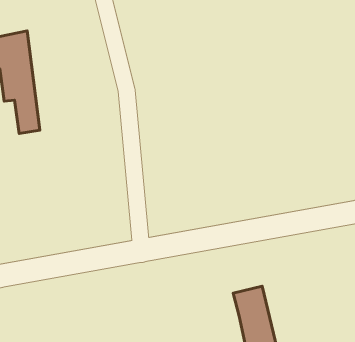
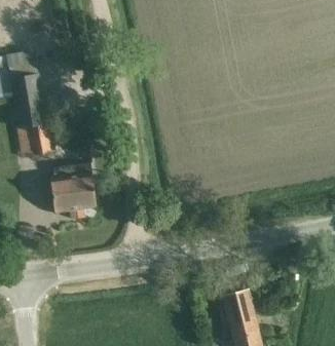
building: none -> [49,162,95,220]

